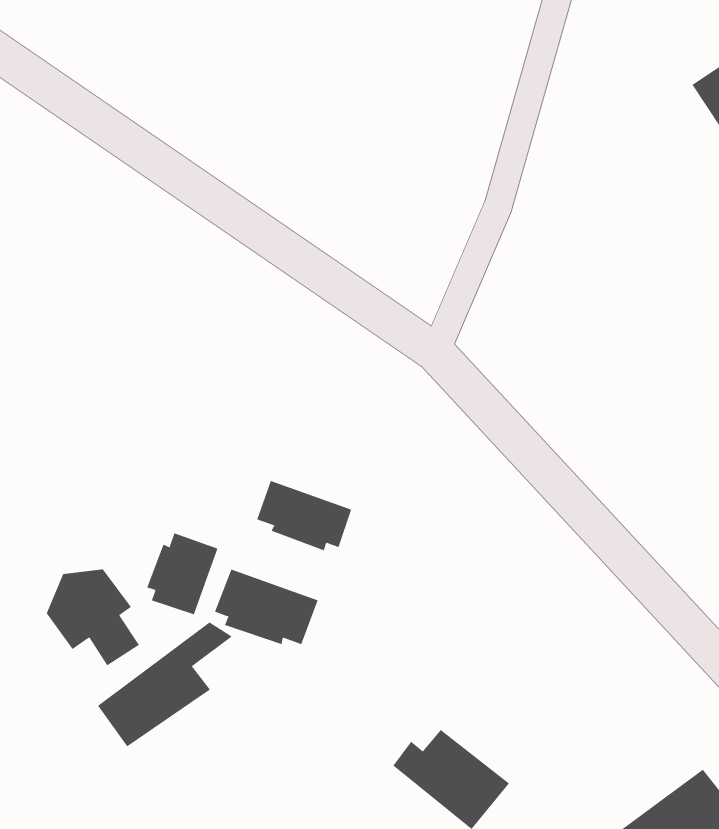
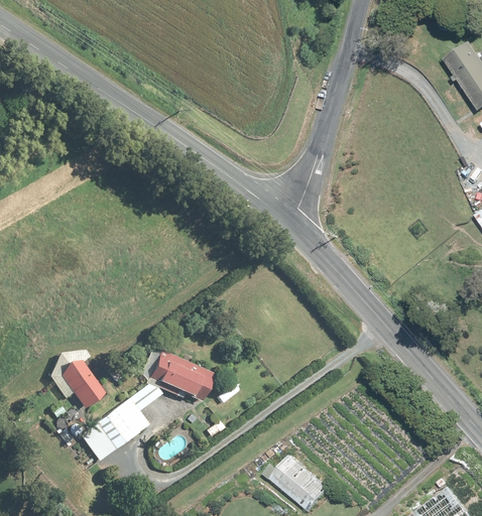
building: [257,480,352,551] -> none
building: [146,533,218,615] -> none

